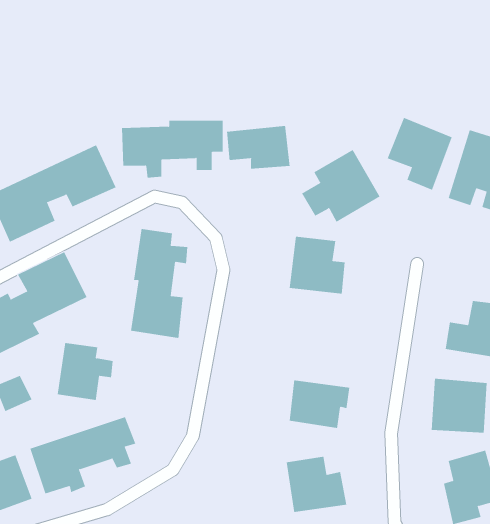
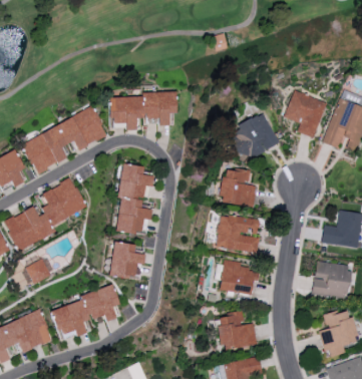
building: [226,125,290,170] -> none
building: none -> [216,214,260,253]
building: [57,343,113,401] -> [108,242,145,280]

